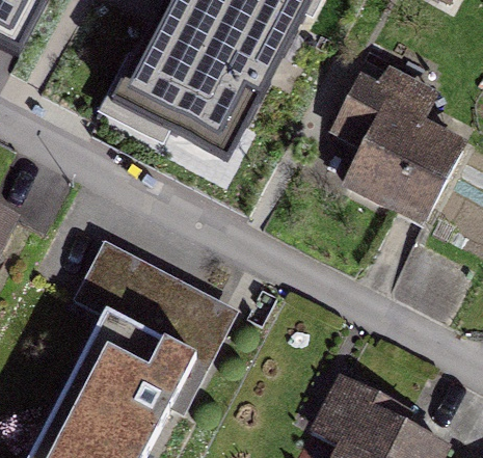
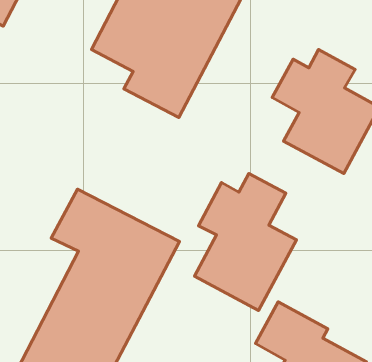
building: none -> [195,173,297,310]

